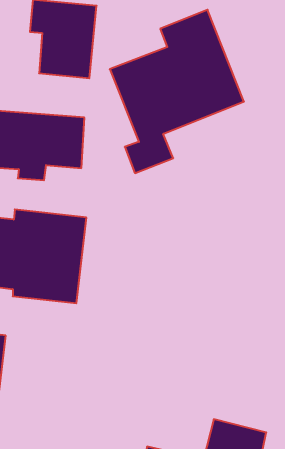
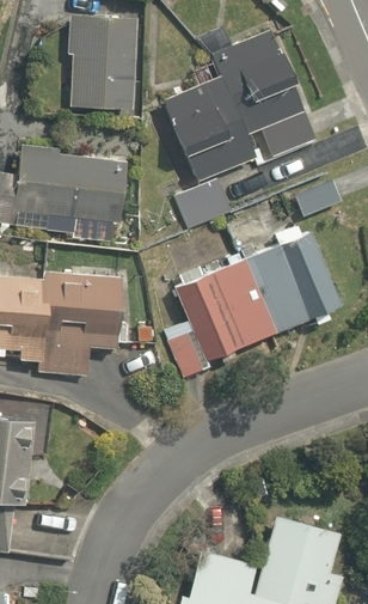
building: none -> [165,232,344,374]

